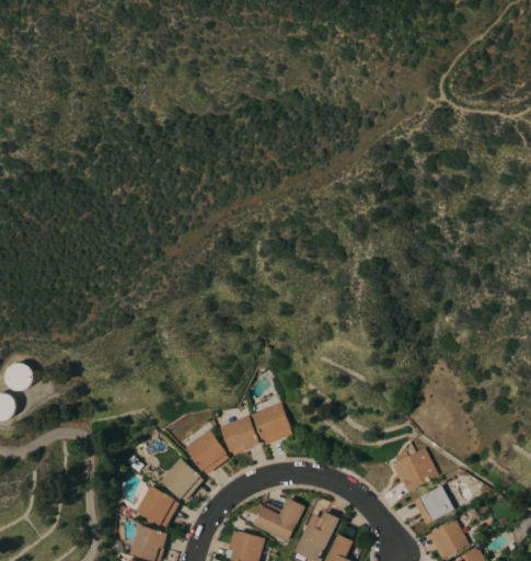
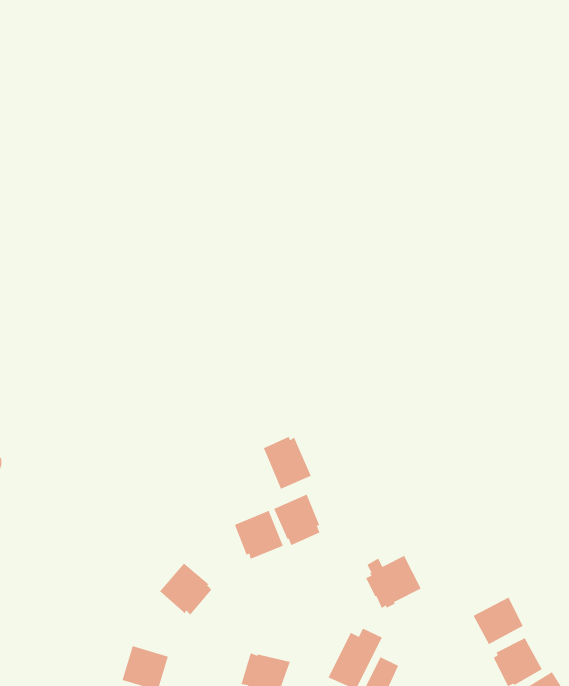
building: none -> [263,436,312,490]
building: [185,430,228,474] -> none
building: [393,448,439,492] -> [365,555,422,609]
building: [136,485,178,527] -> none
building: [254,499,305,541] -> none

